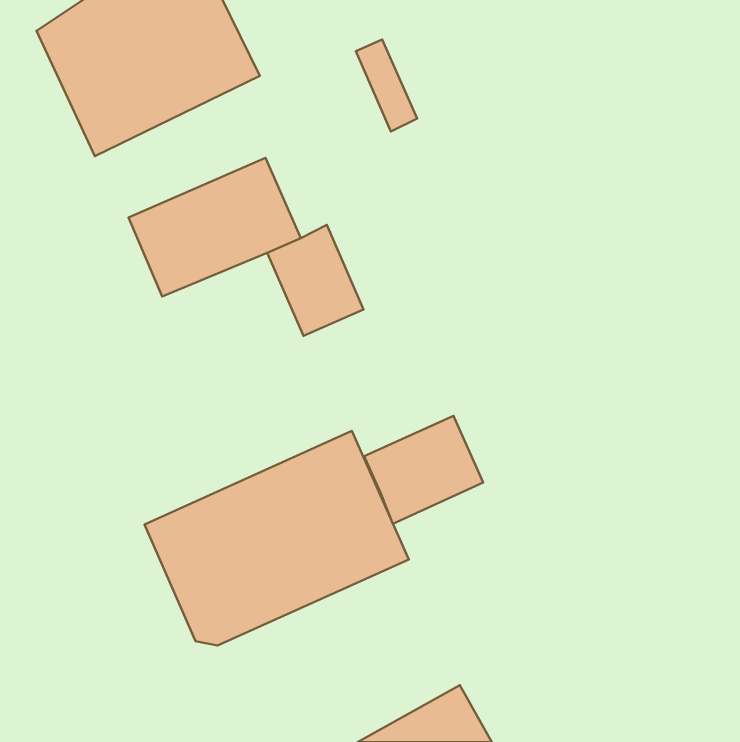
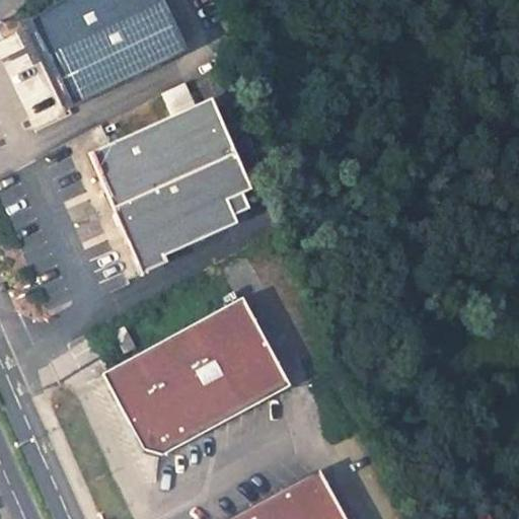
building: [356,40,417,132] -> [189,101,231,165]
building: none -> [117,175,215,271]
building: [364,416,483,524] -> none

